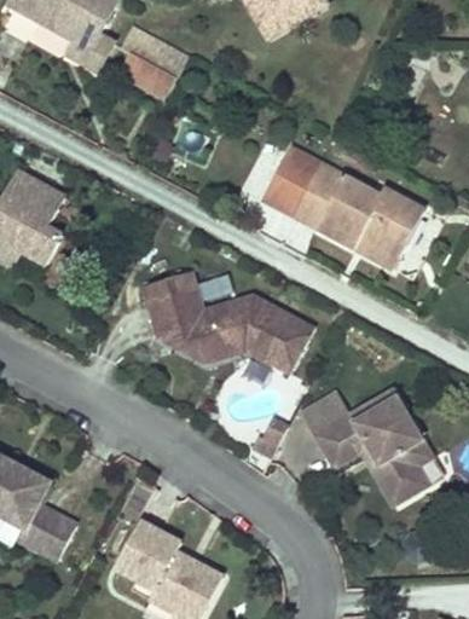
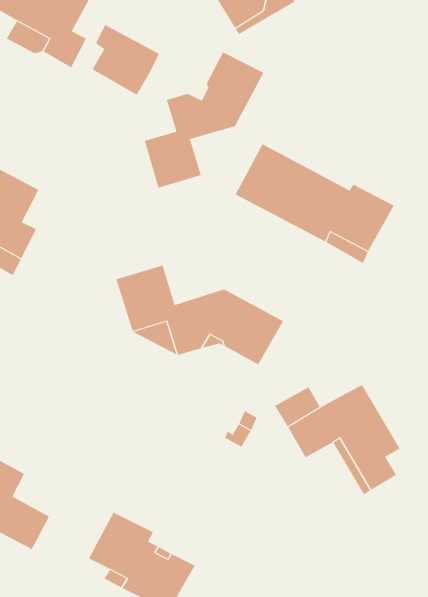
building: none -> [144,52,264,189]

